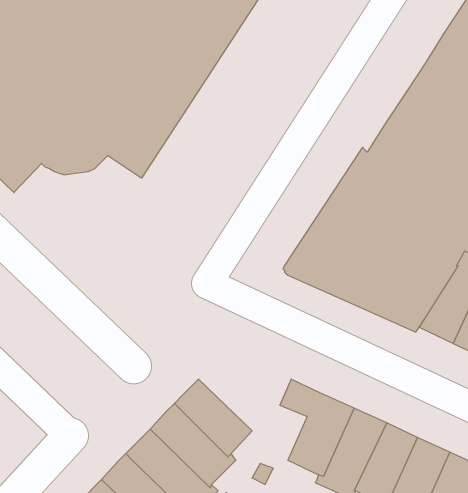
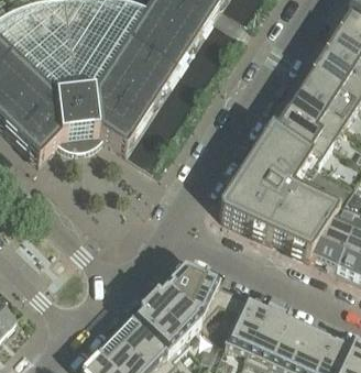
building: none -> [163,268,226,323]

